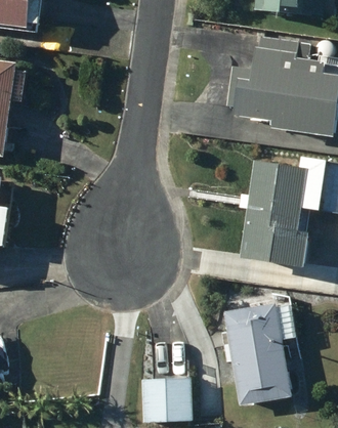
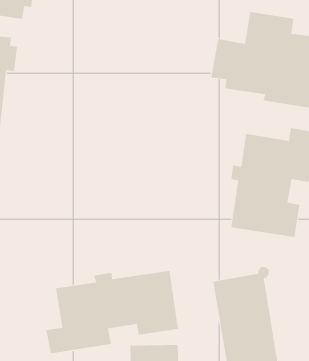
building: none -> [46,270,178,354]

